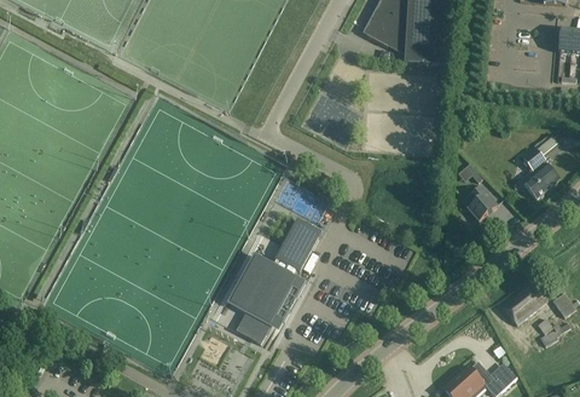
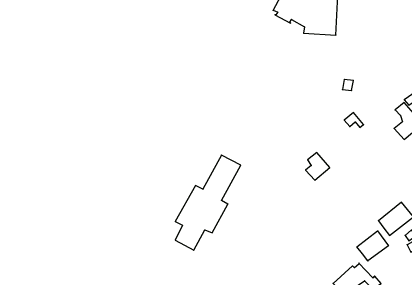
building: [466,184,498,220] -> [306,153,330,180]
building: none -> [357,231,388,261]

